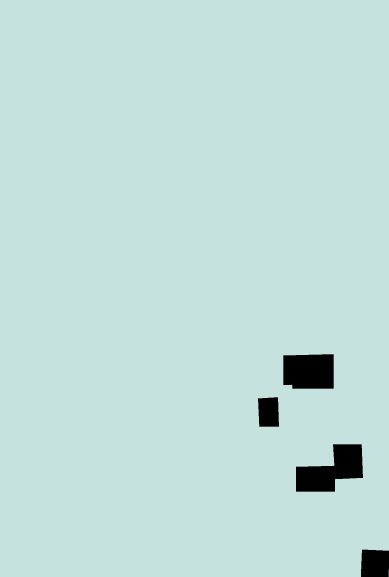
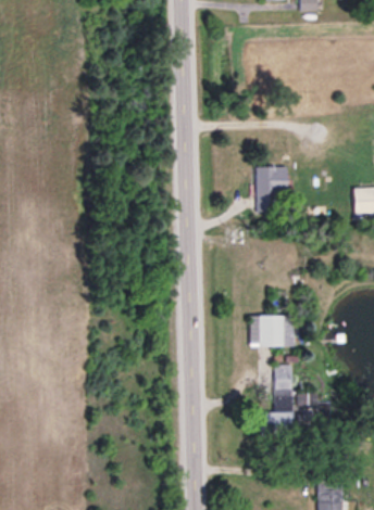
building: none -> [253,165,288,204]
building: [257,397,280,427] -> [274,364,294,390]

